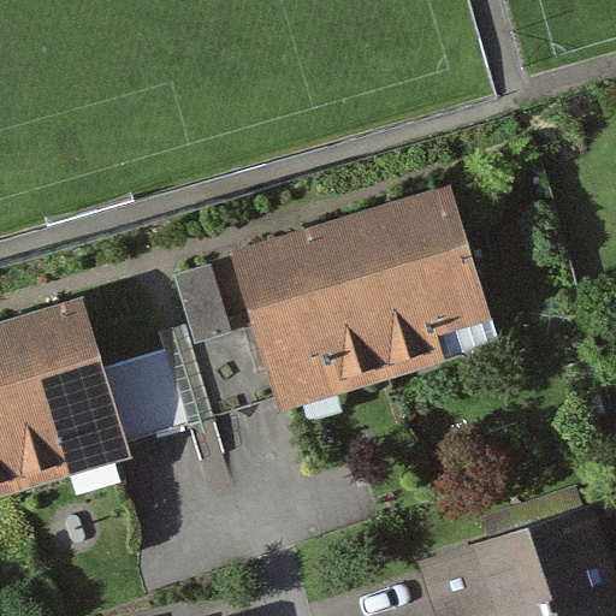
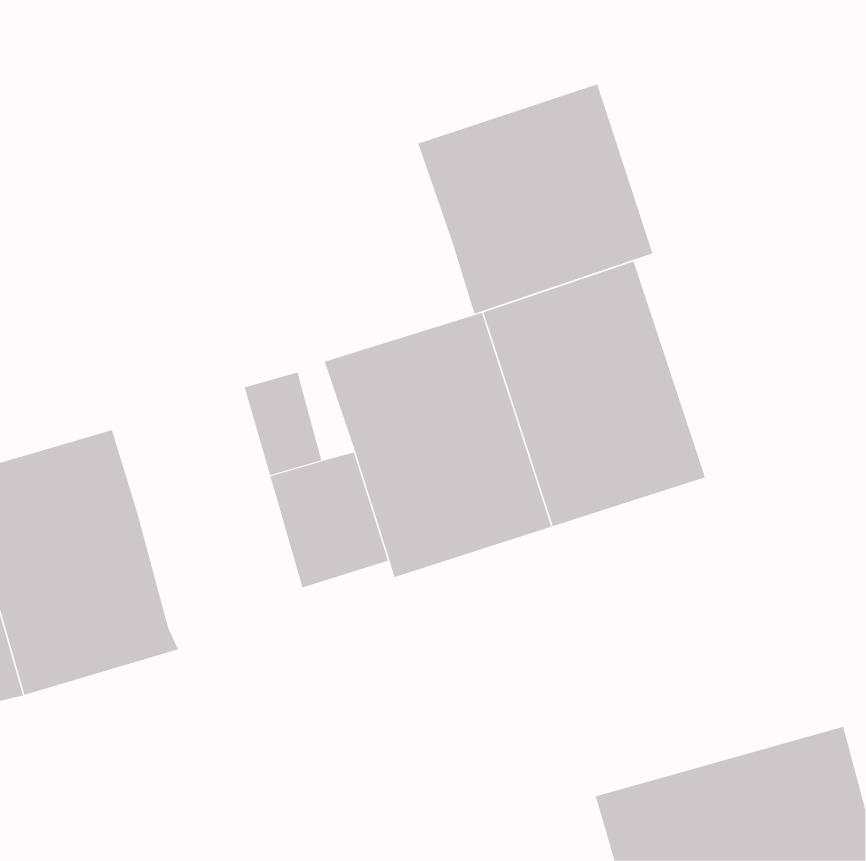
building: none -> [417,84,653,315]
building: [97,343,191,443] -> none

